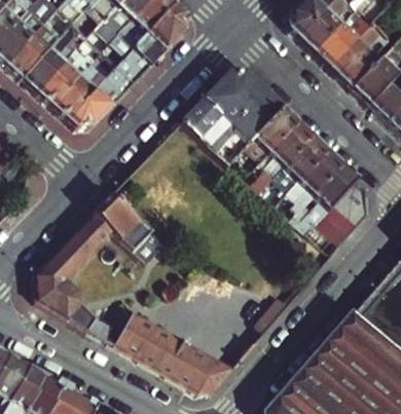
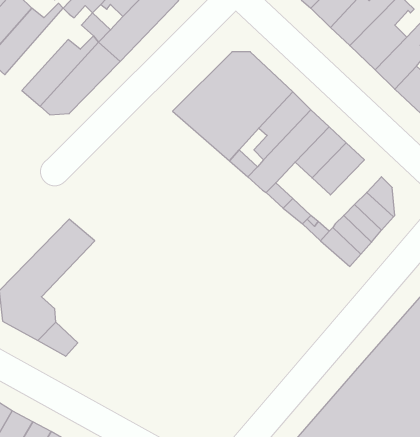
building: [38,34,93,104] -> none
building: [311,162,357,217] -> none
building: [93,193,152,251] -> none
building: [114,311,233,389] -> none

